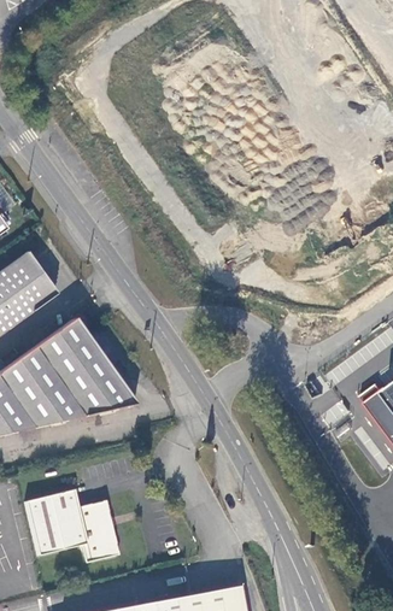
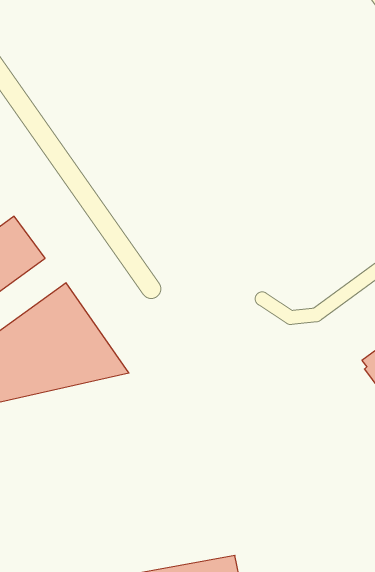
building: [25,490,117,563] -> none

